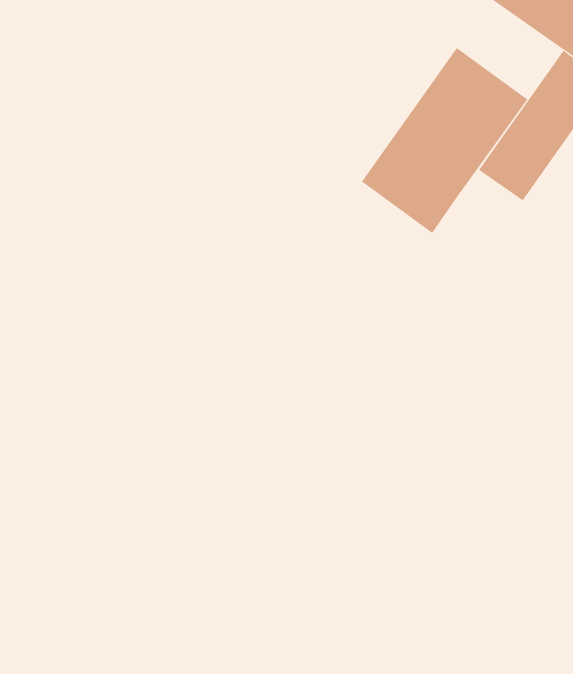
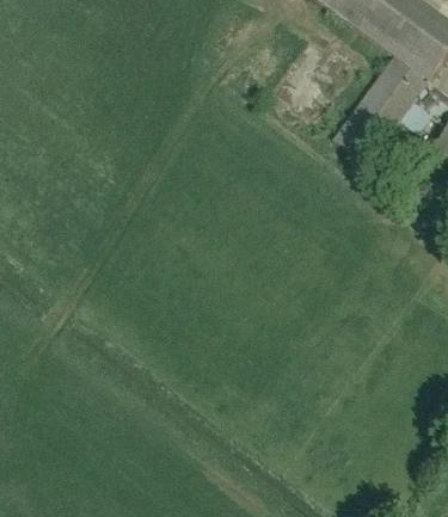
building: [361,47,528,234] -> none

